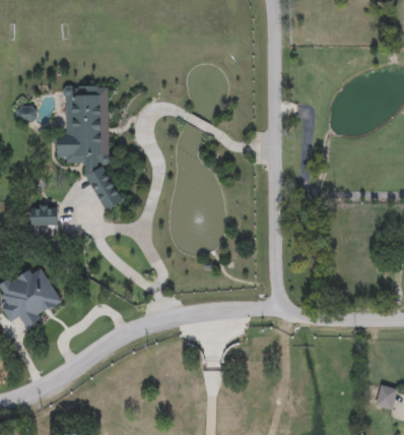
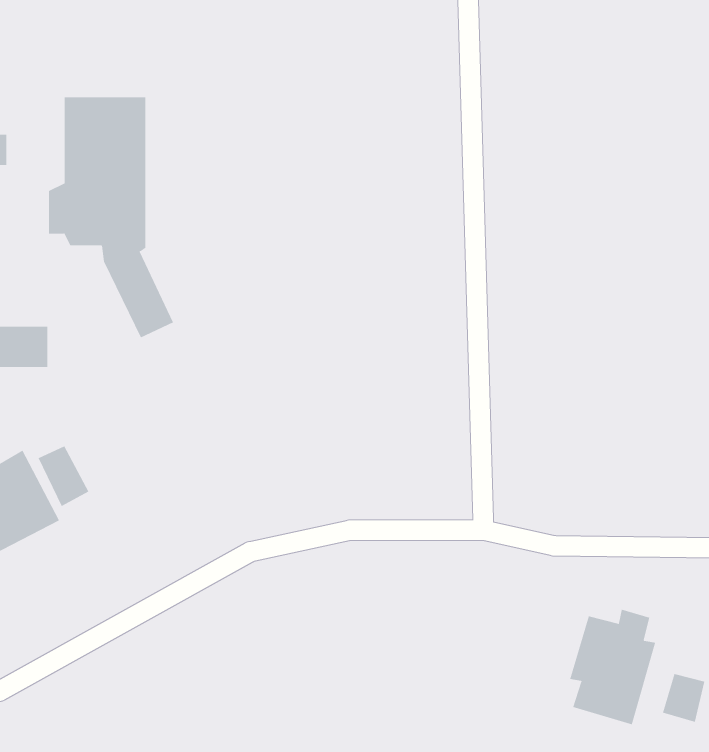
building: none -> [38,446,89,507]
building: none -> [569,609,656,725]

